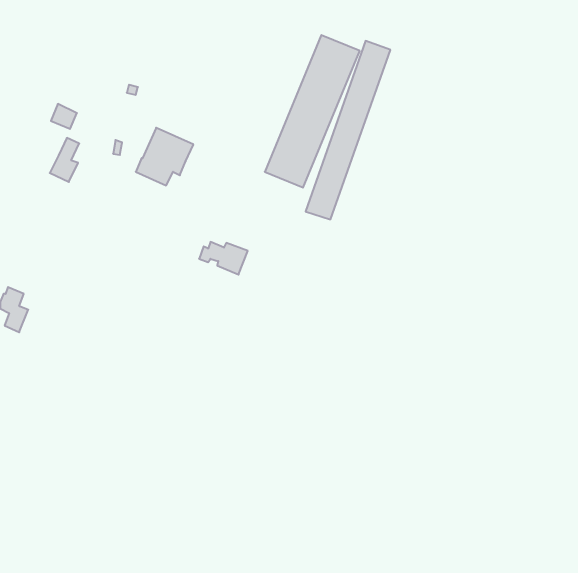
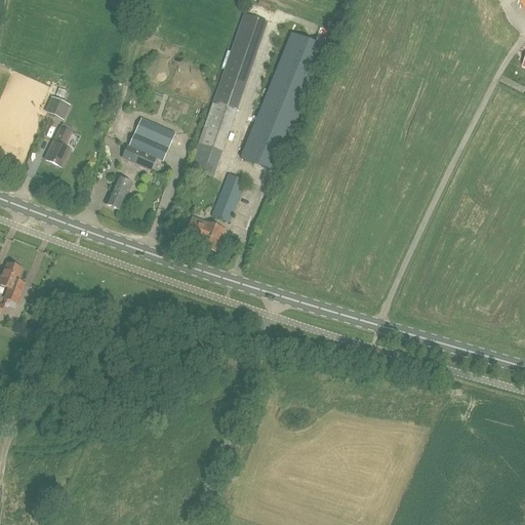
building: [306,41,390,219] -> [190,12,267,174]
building: none -> [213,172,244,219]
building: none -> [106,175,131,208]

